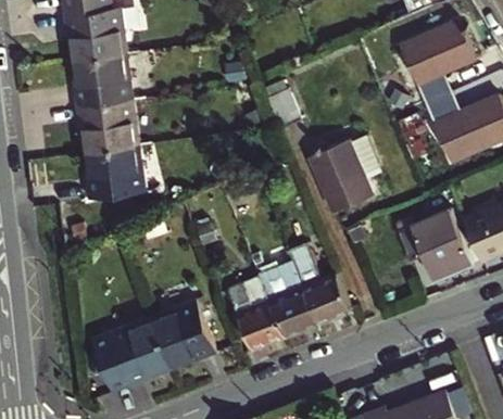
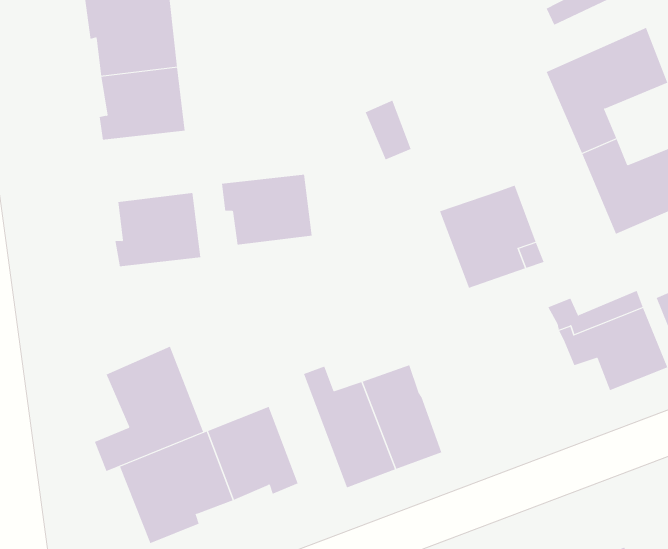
building: [76,99,140,149] -> [221,174,313,245]
building: [288,244,349,325] -> none
building: none -> [94,346,204,472]

